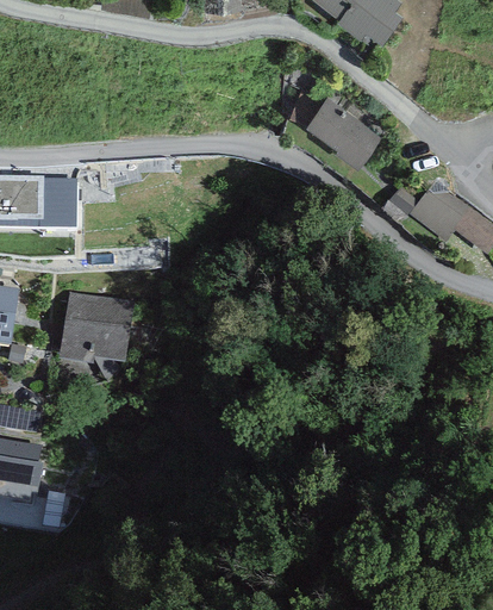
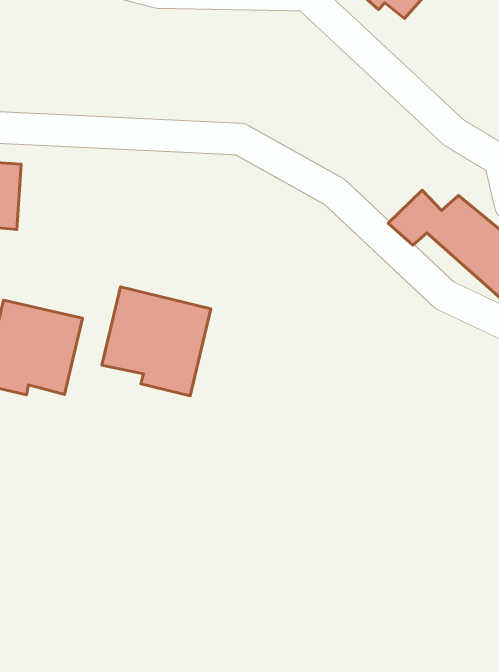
building: [301,93,377,164] -> none
building: none -> [102,287,211,396]

